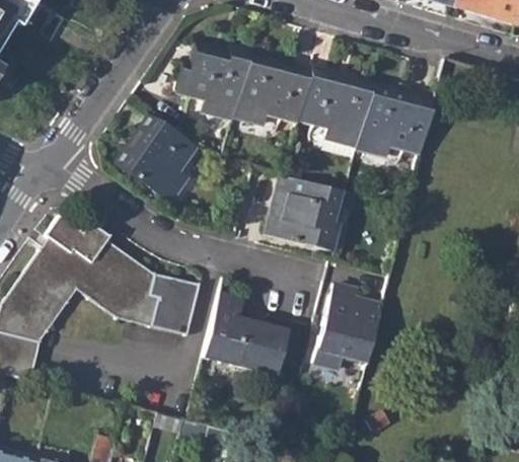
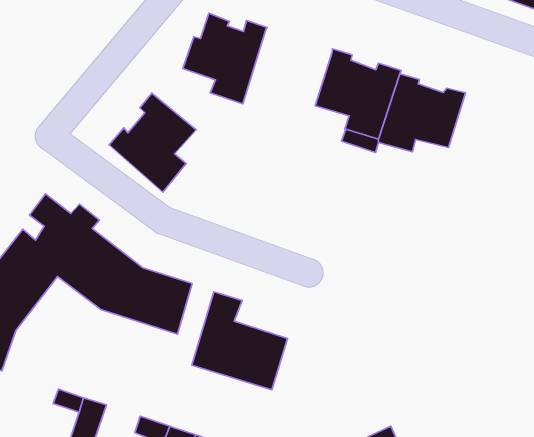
building: [233,52,310,125] -> none
building: [268,176,340,252] -> none
building: [314,297,383,369] -> none

